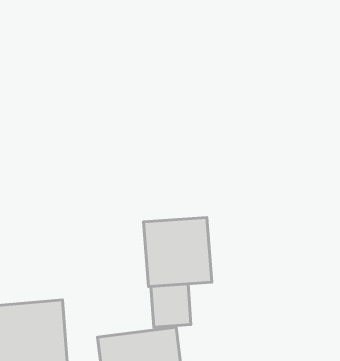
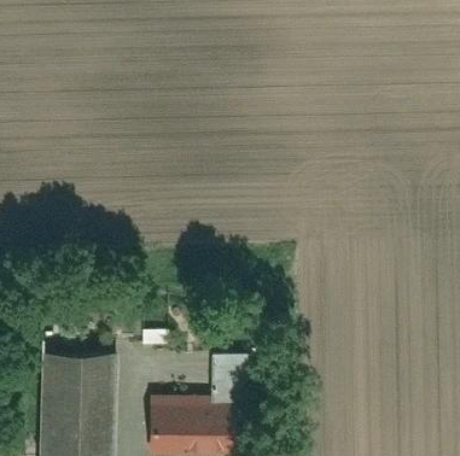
building: [144,217,212,287] -> none

